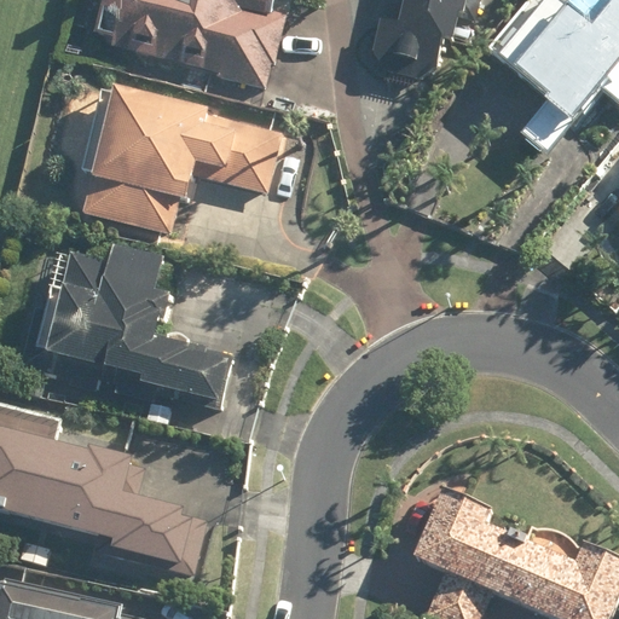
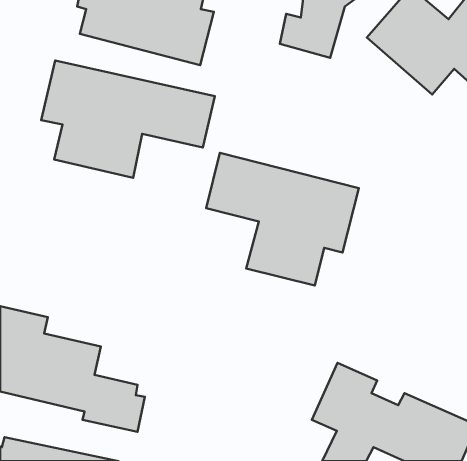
building: none -> [206,153,359,285]
building: [22,242,239,406] -> none

